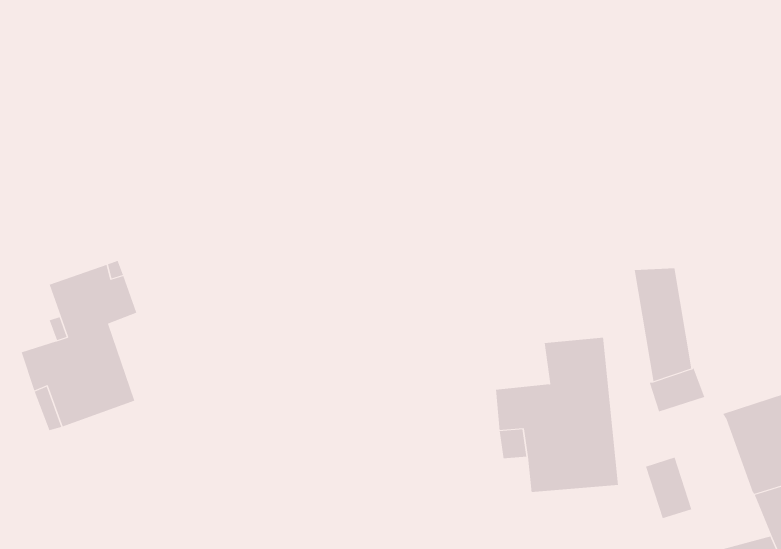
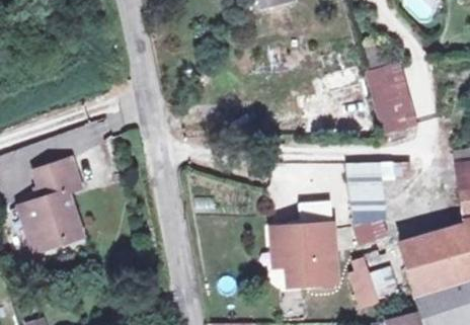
building: none -> [370,63,416,130]

